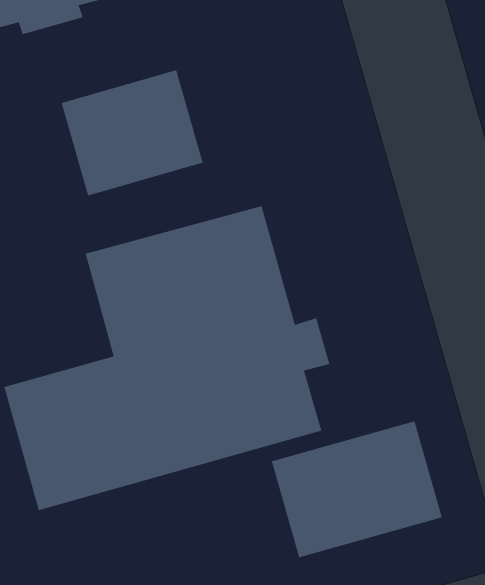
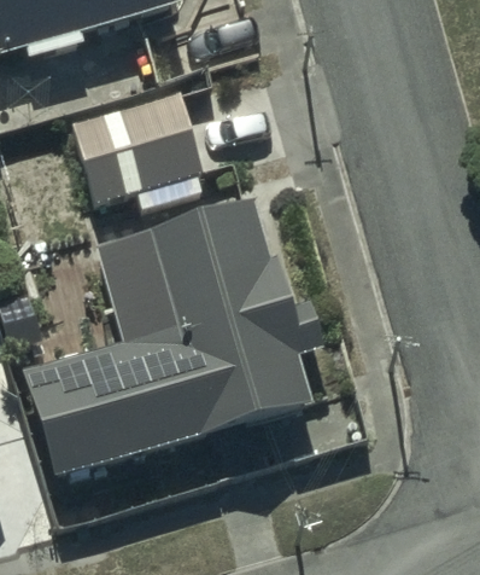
building: [271,421,442,558] -> none

